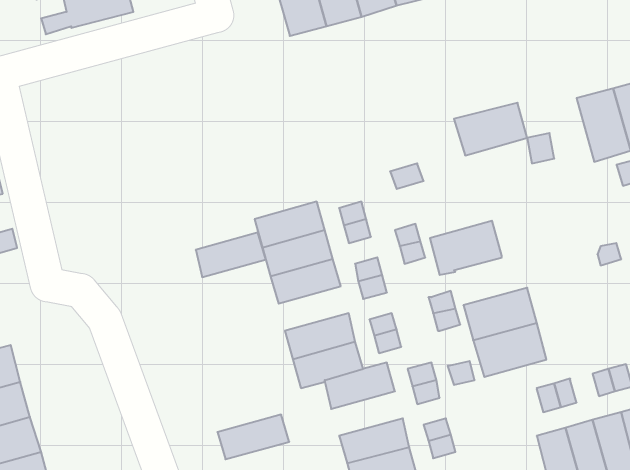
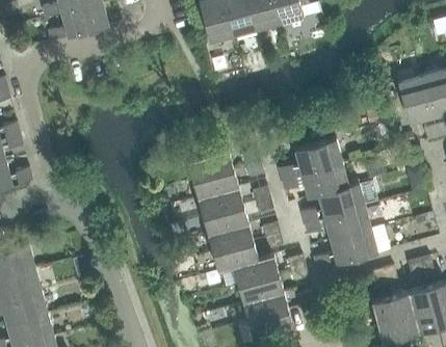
building: [454,103,527,155] -> [294,139,342,174]
building: [196,232,266,277] -> [203,205,248,234]
building: none -> [317,182,365,217]
building: [217,415,289,459] -> [237,273,284,302]

